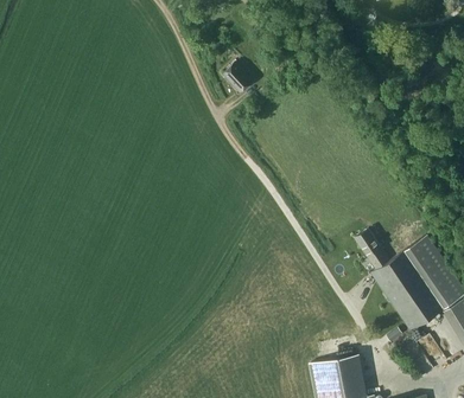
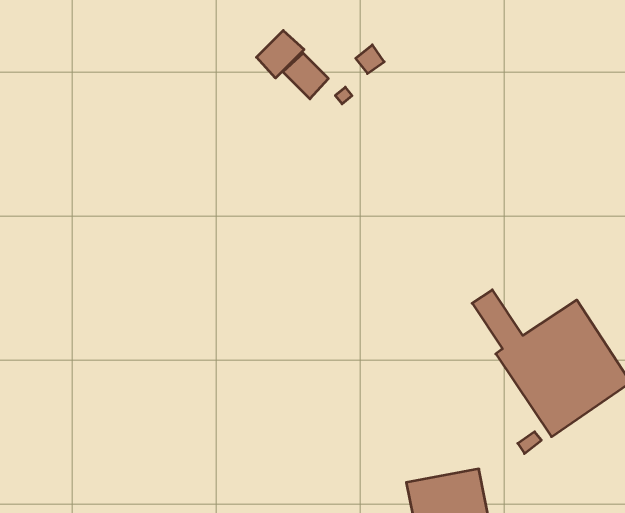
building: none -> [256,30,304,78]

